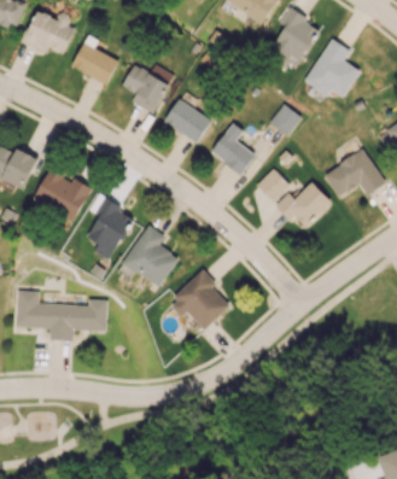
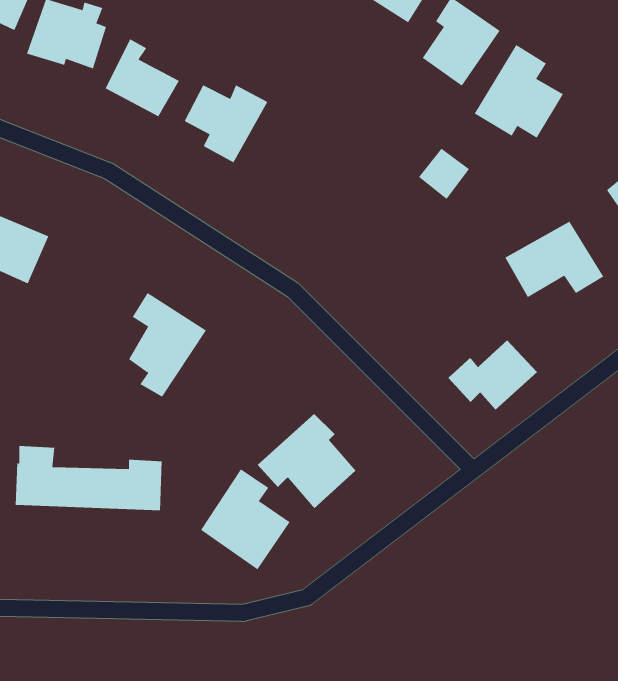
building: [163,99,211,142] -> none
building: [210,122,255,175] -> none
building: [30,167,91,223] -> none
building: [256,168,288,201] -> none
building: [274,182,331,227] -> [448,339,538,410]
building: [122,224,179,288] -> [200,468,290,570]

